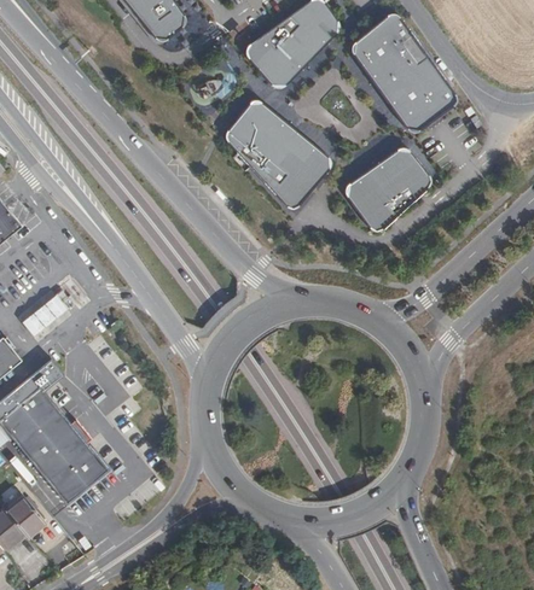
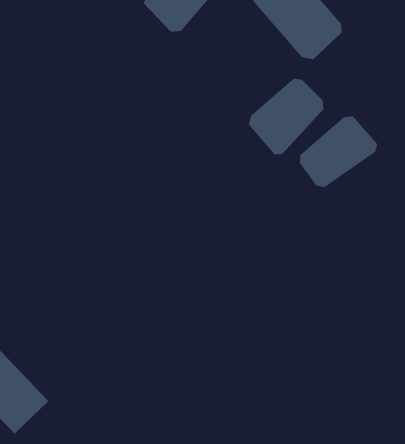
building: [225,101,327,206] -> none
building: none -> [300,115,378,188]

